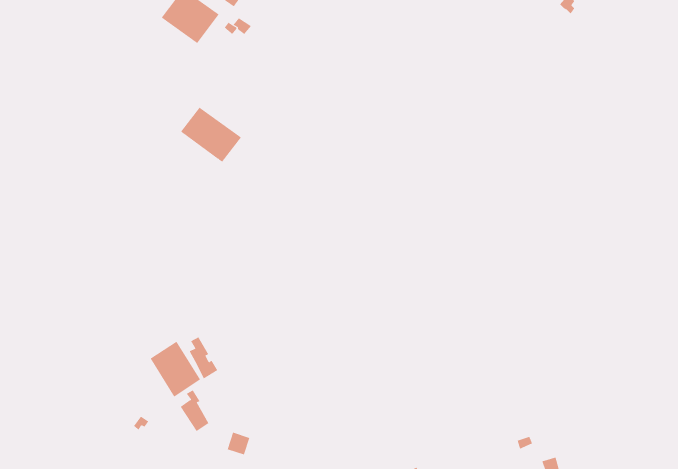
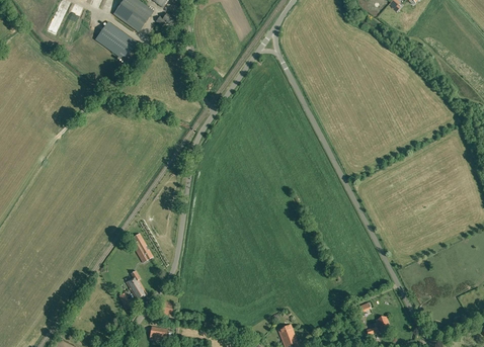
building: [180,107,242,162] -> [95,21,138,60]
building: [150,341,201,397] -> none

